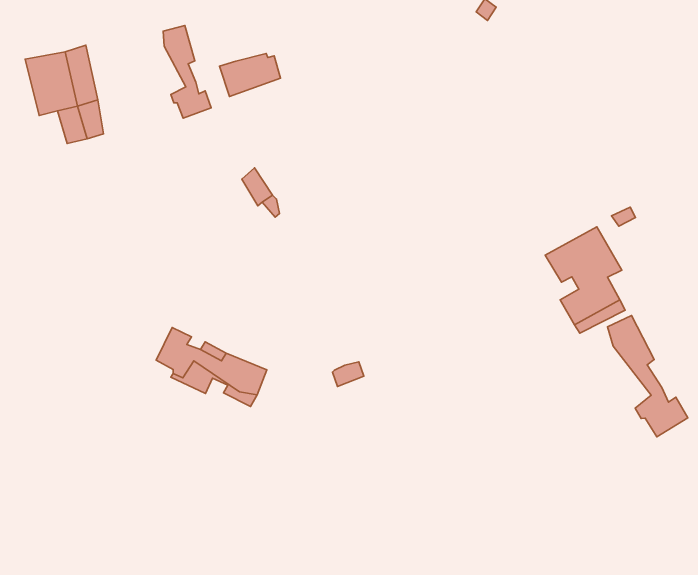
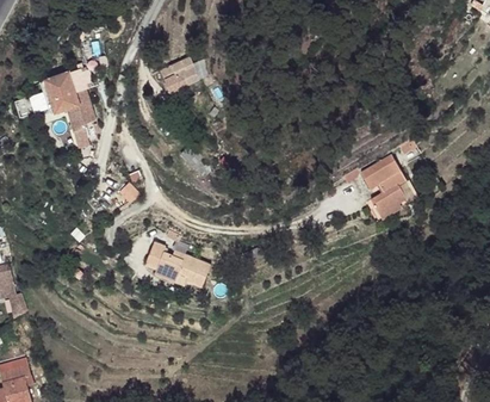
building: [163,26,211,118] -> none
building: [607,315,688,437] -> none

